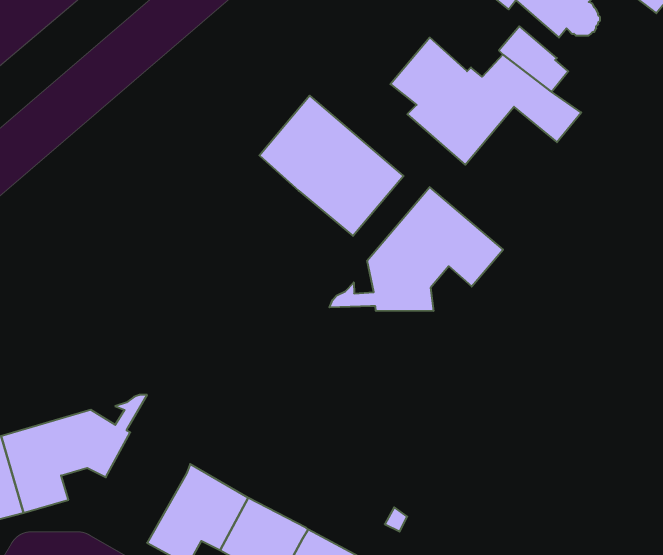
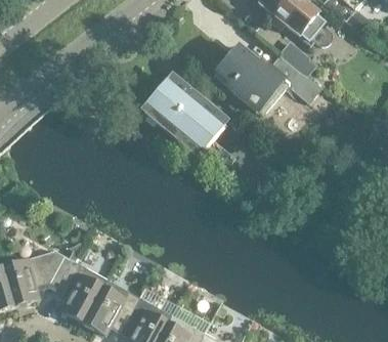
building: [329,187,503,311] -> none
building: none -> [59,262,107,323]

